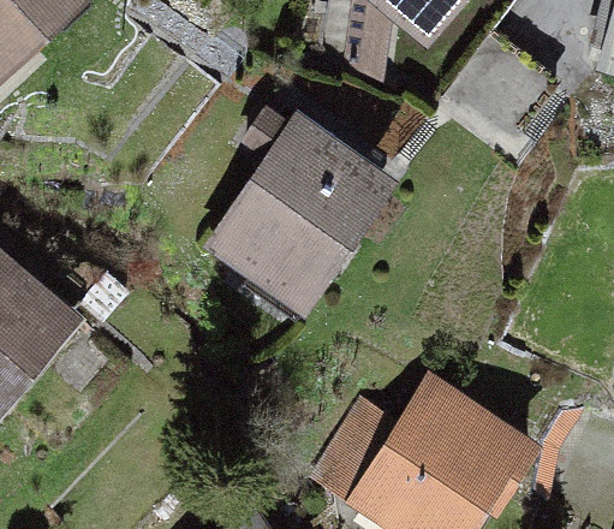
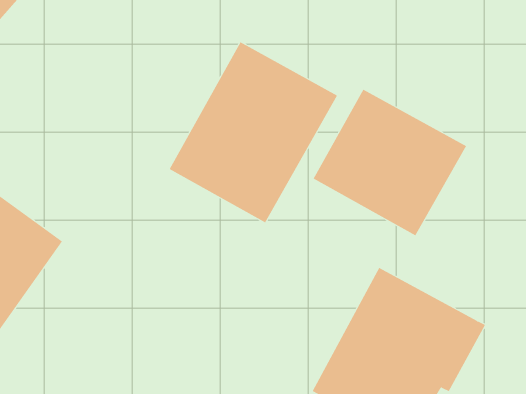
building: none -> [313,89,467,236]

